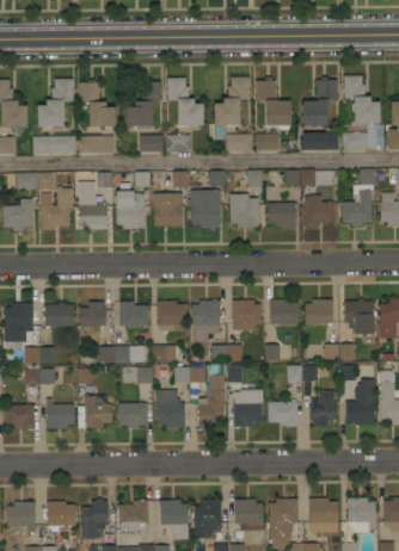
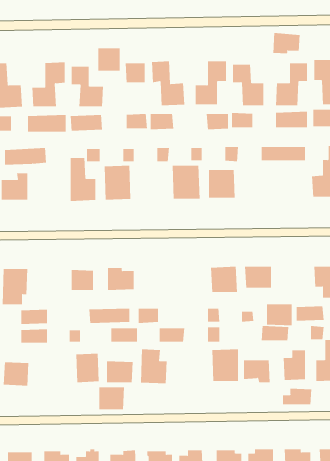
building: none -> [273,32,300,54]
building: [125,101,151,126] -> [97,48,121,71]
building: [39,188,70,228] -> none
building: [152,193,182,227] -> none
building: [302,196,332,225] -> none
building: [266,203,295,228] -> none
building: [303,301,332,324] -> [266,304,293,326]
building: [155,302,184,332] -> none
building: [191,302,220,342] -> none
building: [44,304,73,327] -> none
building: [197,374,225,423] -> none
building: [45,403,74,428] -> [99,387,125,410]
building: none -> [283,388,312,405]

